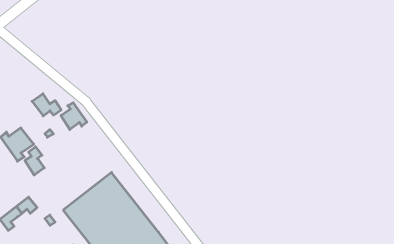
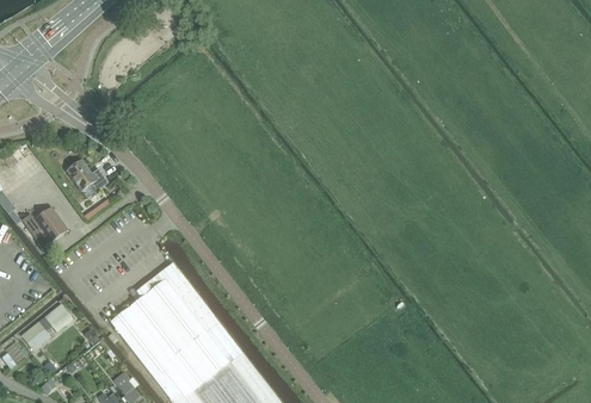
building: [61,103,87,130] -> none
building: [25,147,44,175] -> none

